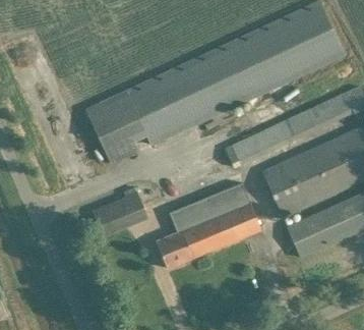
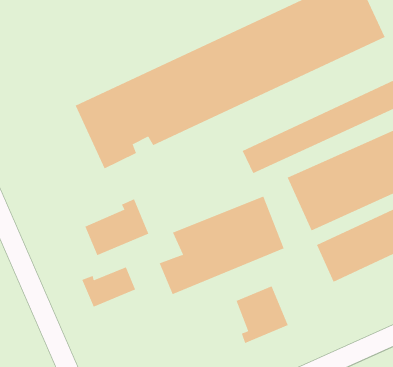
building: none -> [82,267,136,308]
building: none -> [236,286,288,344]

